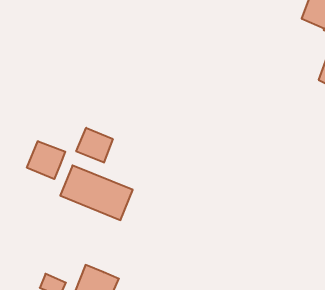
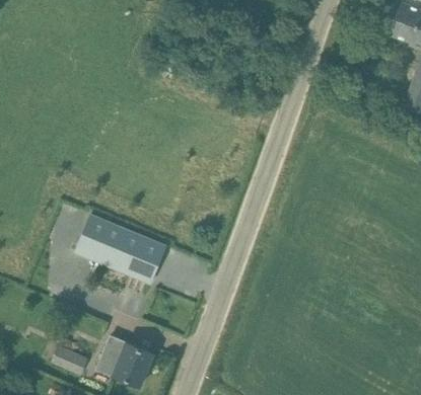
building: [76,128,113,163] -> none
building: [27,141,65,179] -> none

